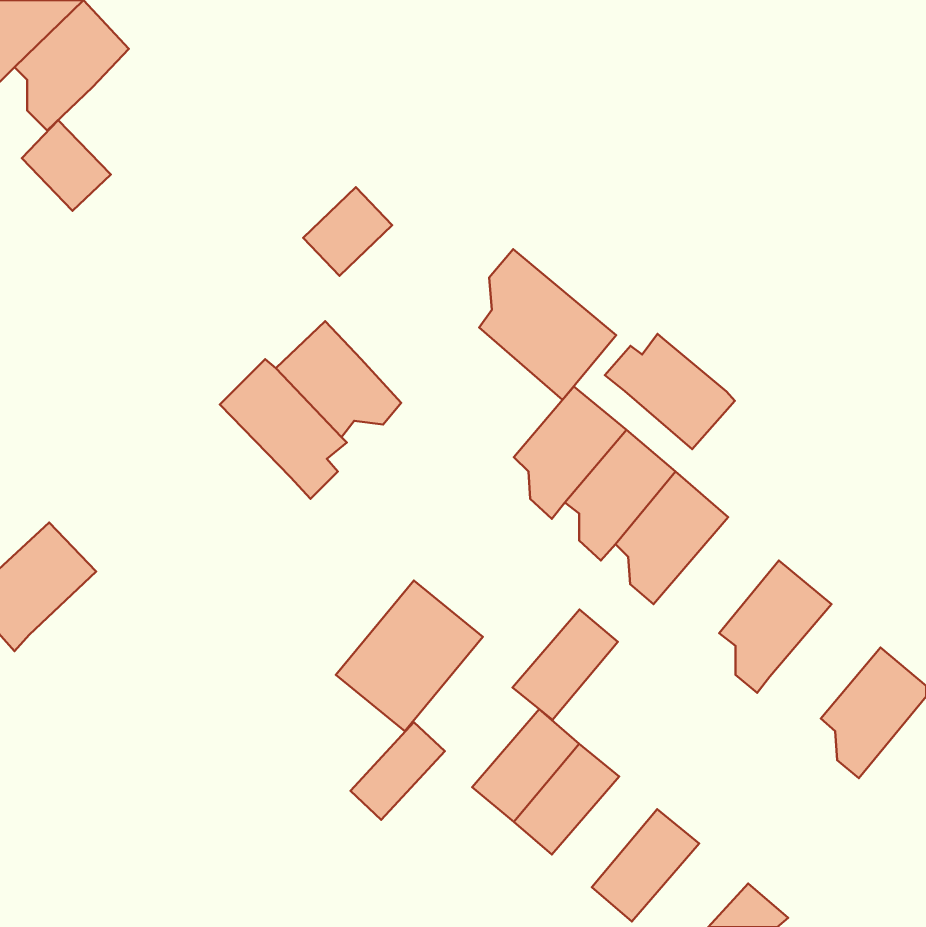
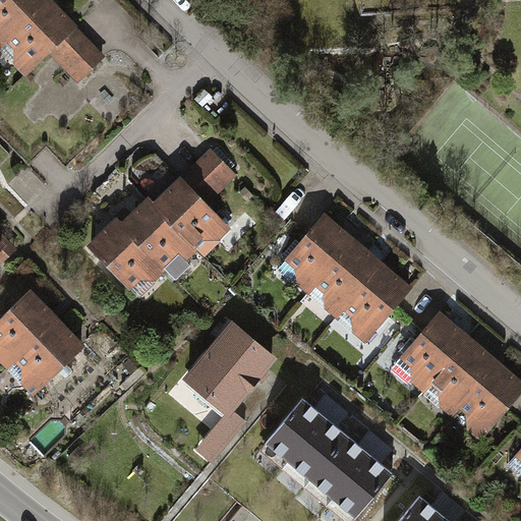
building: [22,120,111,211] -> [52,27,102,78]
building: [303,187,392,276] -> [182,152,232,201]
building: [479,249,616,400] -> none
building: [605,334,735,449] -> none
building: none -> [91,221,163,286]
building: none -> [16,321,80,392]
building: none -> [431,339,494,412]
building: [512,609,618,720] -> [309,436,368,498]

